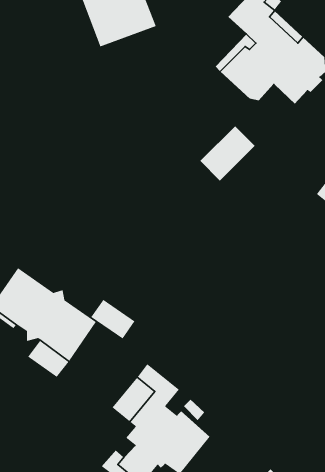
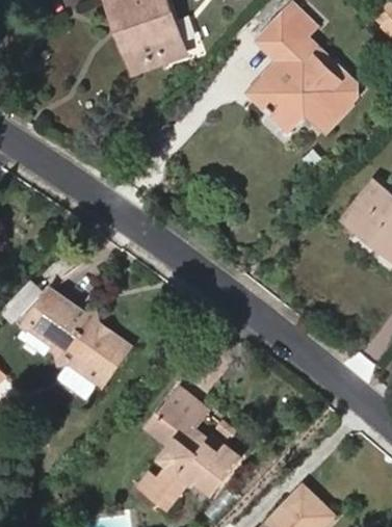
building: [200,125,255,181] -> none
building: [90,299,136,340] -> none

